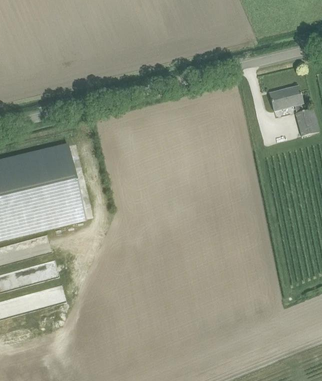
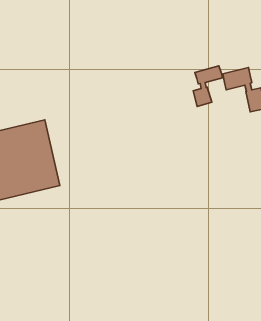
building: none -> [193,66,223,107]

